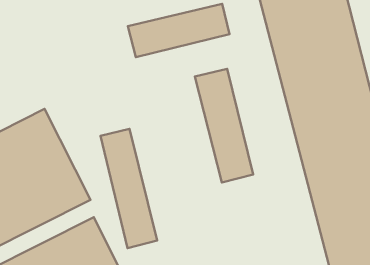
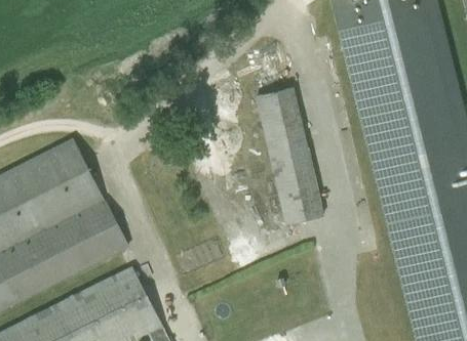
building: [128,4,229,57] -> none
building: [101,129,157,248] -> none

